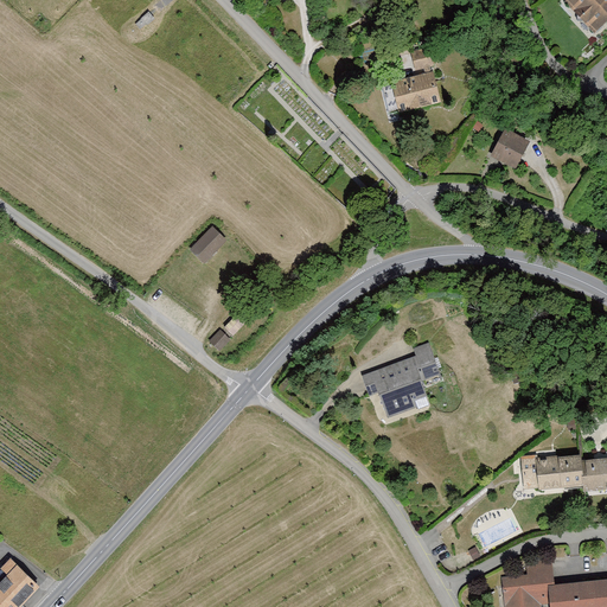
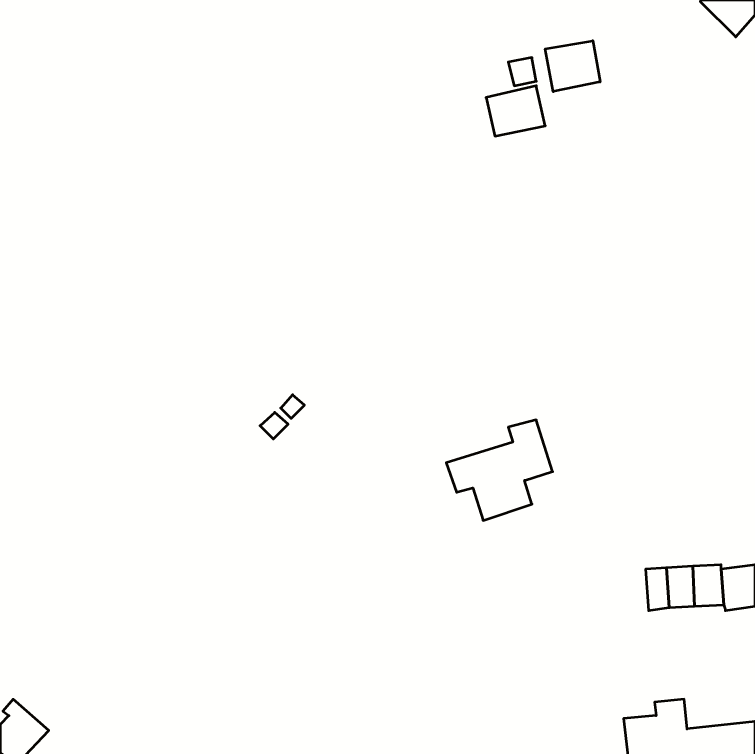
building: none -> [545,41,600,92]
building: [486,129,526,170] -> none
building: [191,228,228,264] -> none

